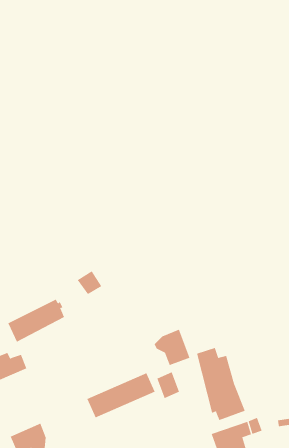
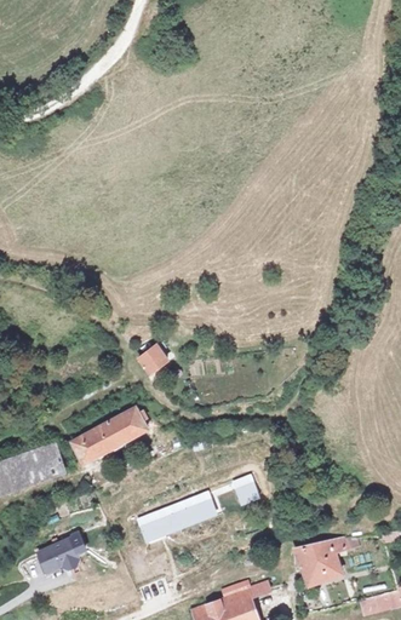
building: [8,299,65,342] -> [67,413,138,467]
building: [154,329,190,366] -> none
building: [196,347,246,421] -> none

